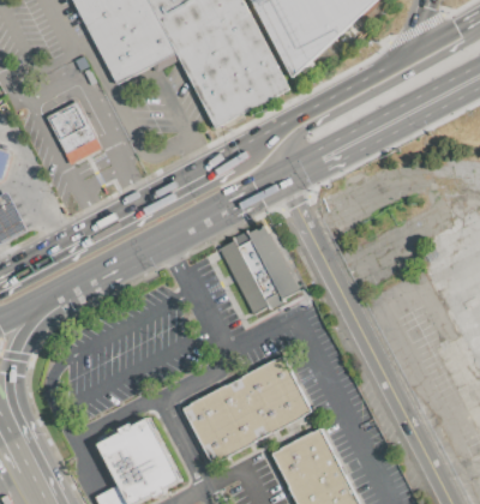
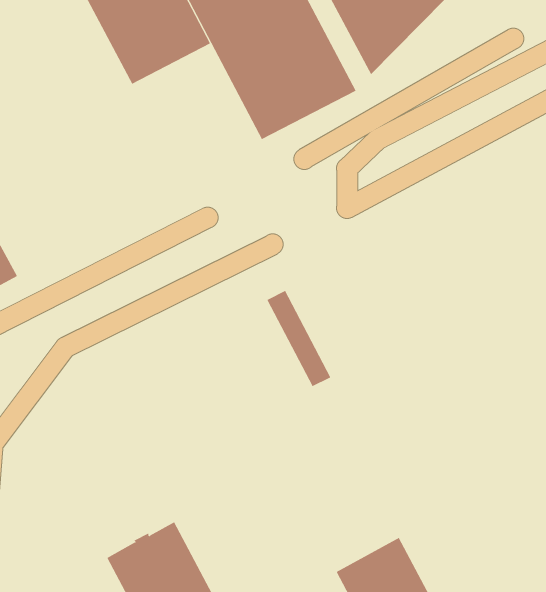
building: [48,101,102,163] -> none
building: [247,223,298,298] -> none
building: [181,355,310,463] -> none

